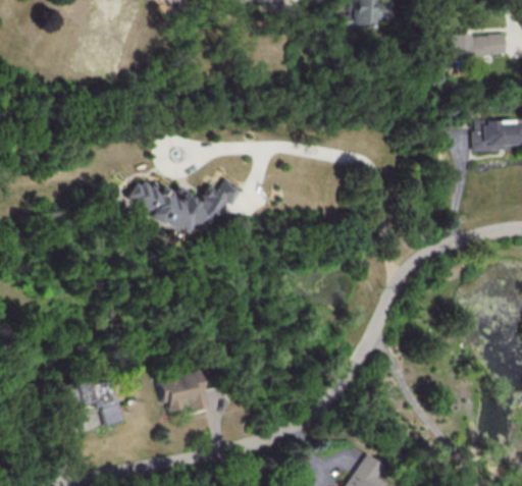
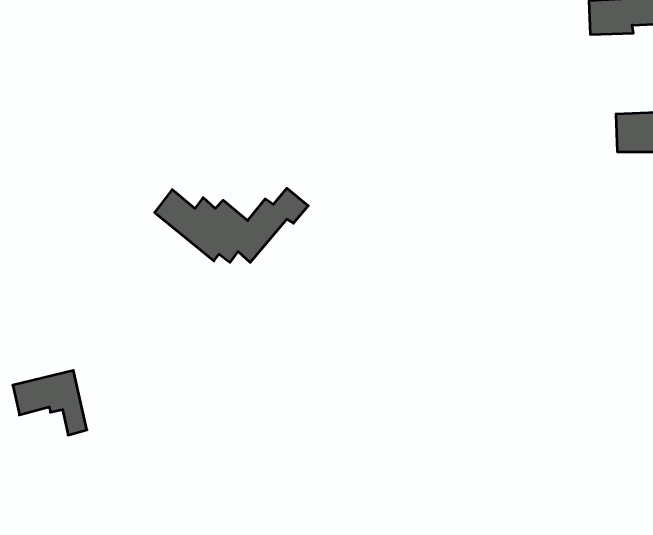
building: [158,371,209,411] -> none
building: [64,377,120,426] -> [13,370,87,435]

